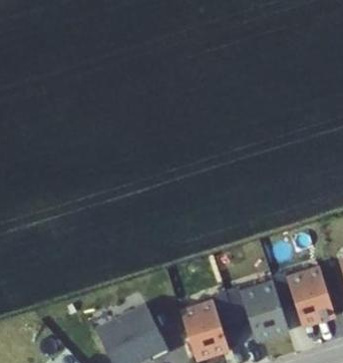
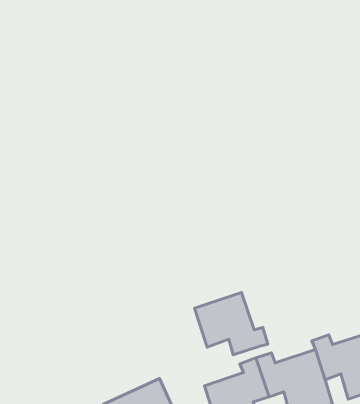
building: none -> [195,292,268,355]

